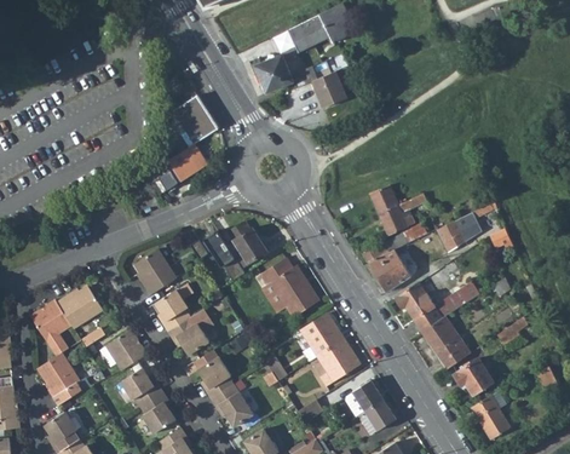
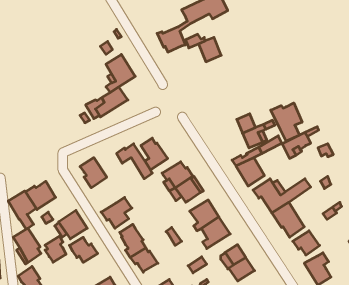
building: none -> [271,103,302,141]
building: [154,283,191,331] -> none
building: [140,392,172,431] -> [45,236,66,262]

